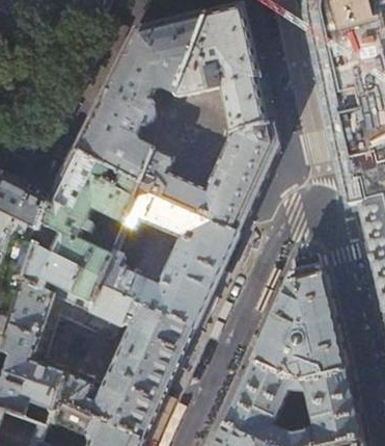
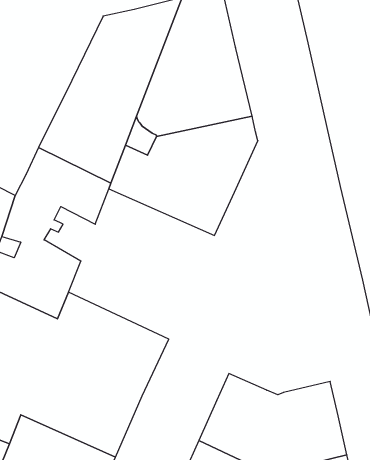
building: [100,189,236,330] -> none
building: [249,256,343,379] -> none

